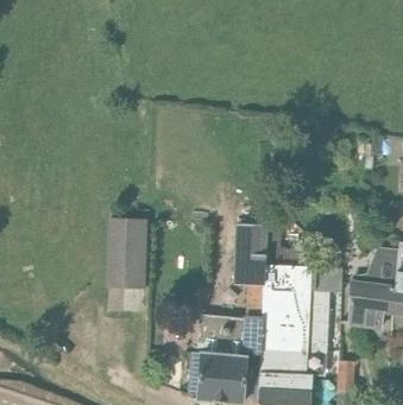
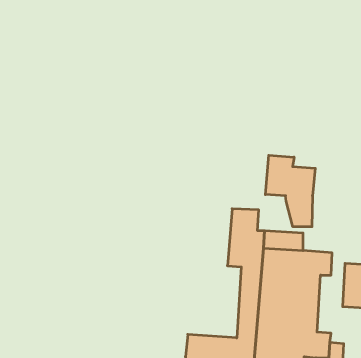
building: none -> [265,155,315,227]
building: [105,217,147,289] -> none

